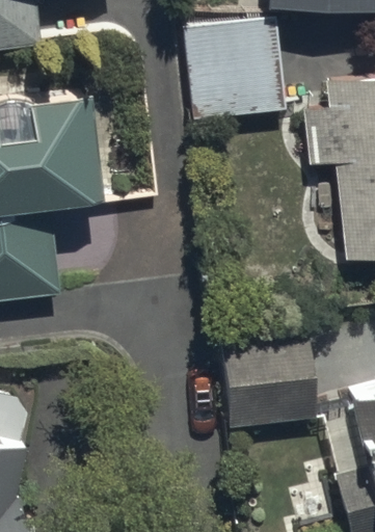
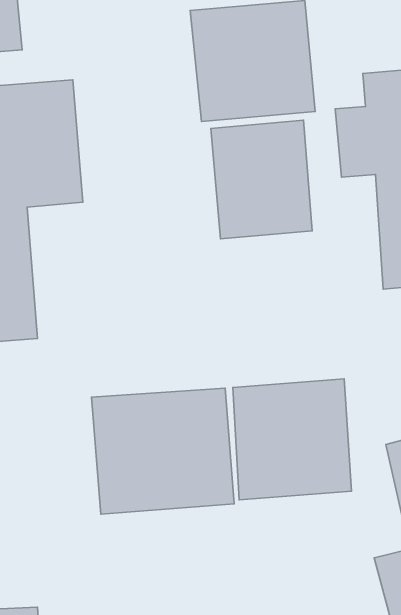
building: none -> [211,120,312,239]
building: none -> [92,388,234,514]

